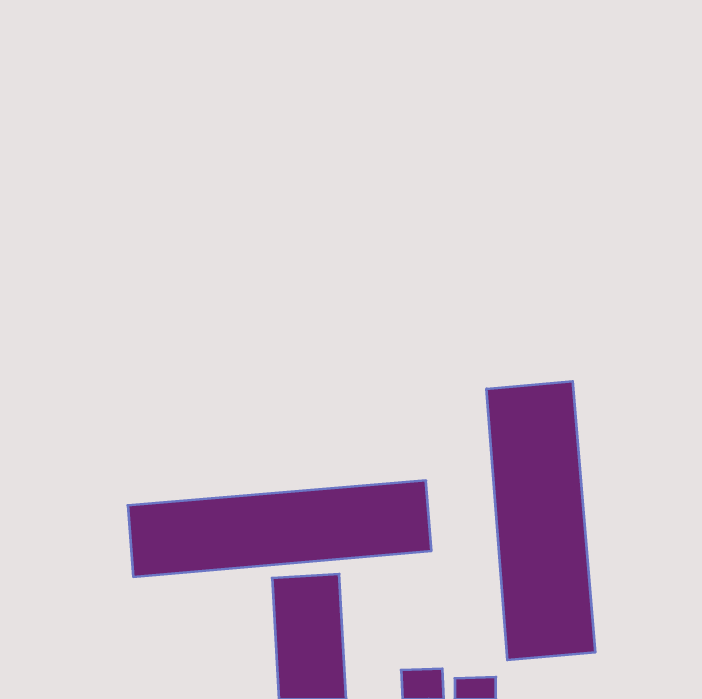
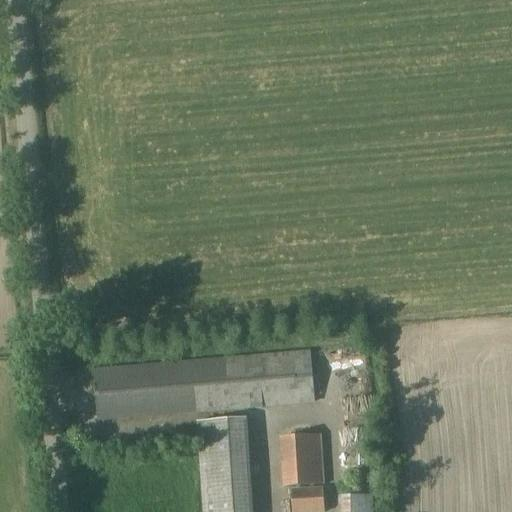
building: [487,381,595,660] -> none
building: none -> [282,433,320,485]

